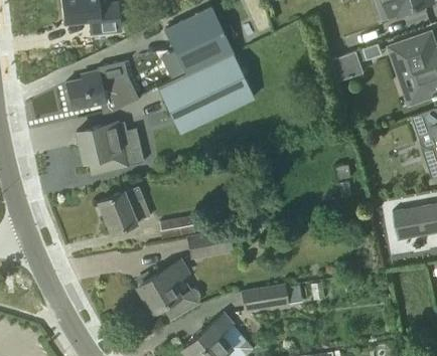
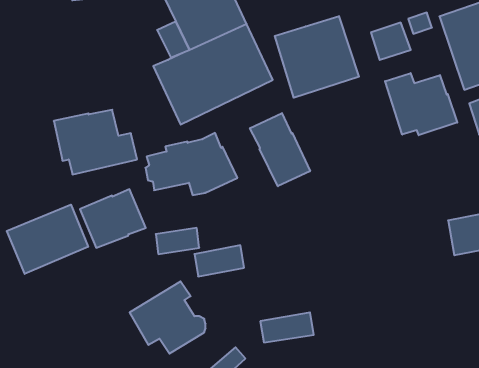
building: none -> [275,16,359,98]
building: [63,63,138,114] -> [145,133,237,195]
building: none -> [385,73,457,135]
building: none -> [250,113,310,186]
building: none -> [7,205,88,274]

